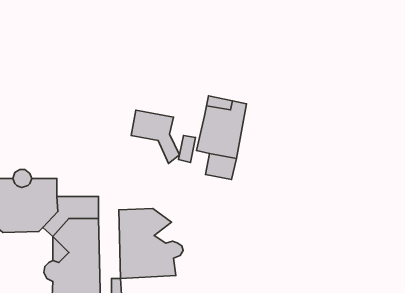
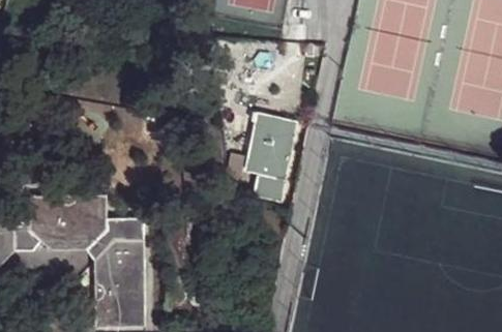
building: [131,110,179,164] -> none
building: [119,209,183,279] -> none

